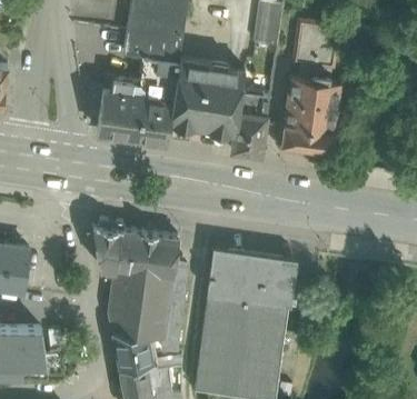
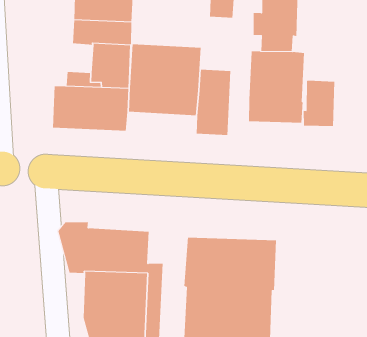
building: none -> [303,80,335,127]

